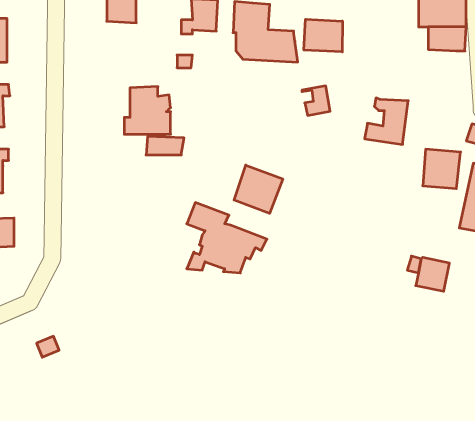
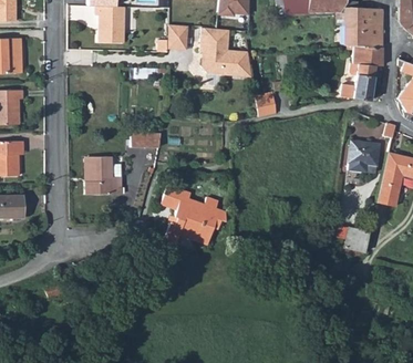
building: [304,19,342,52] -> none
building: [124,87,171,134] -> [84,156,121,194]
building: [365,98,408,144] -> [341,62,375,98]
building: [234,165,283,213] -> none

